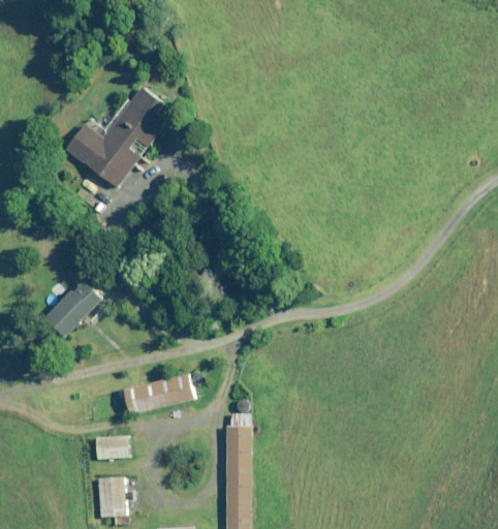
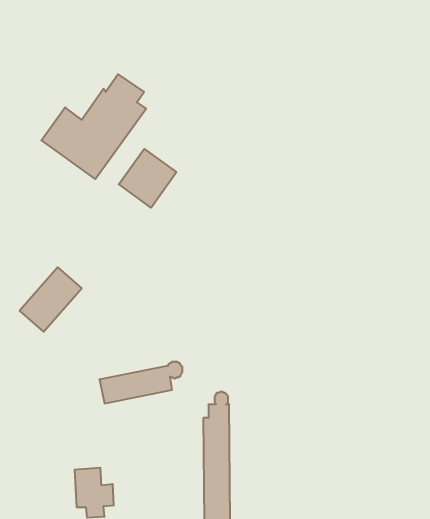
building: none -> [119,149,176,208]
building: [95,437,129,459] -> none

